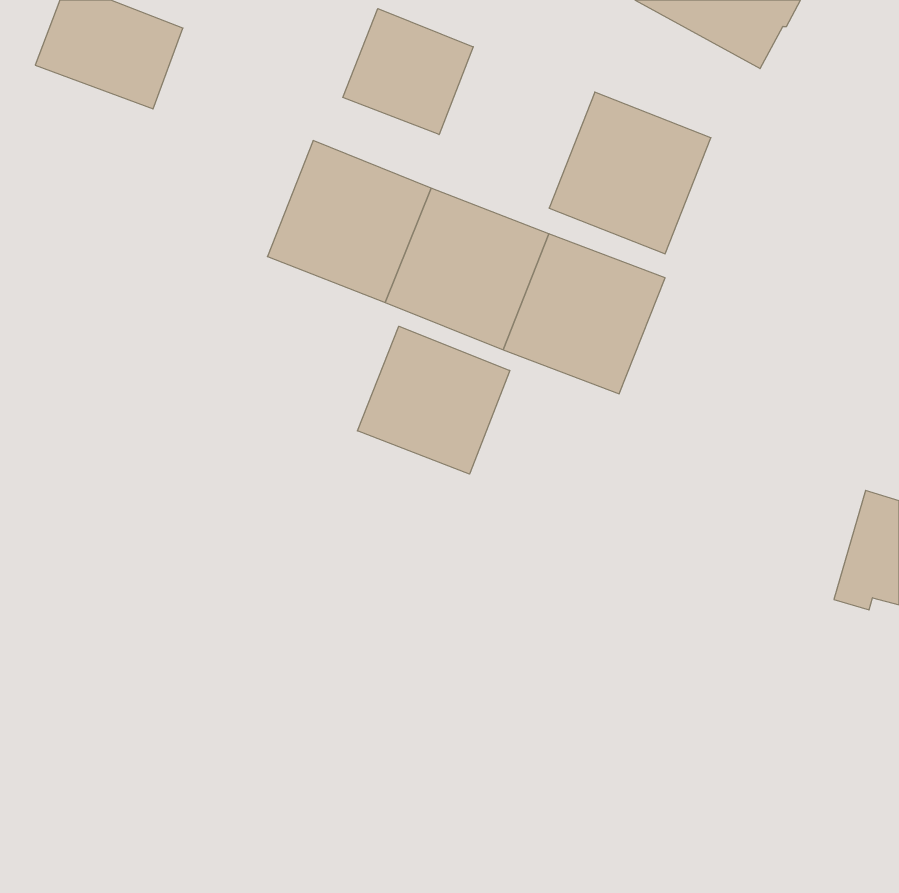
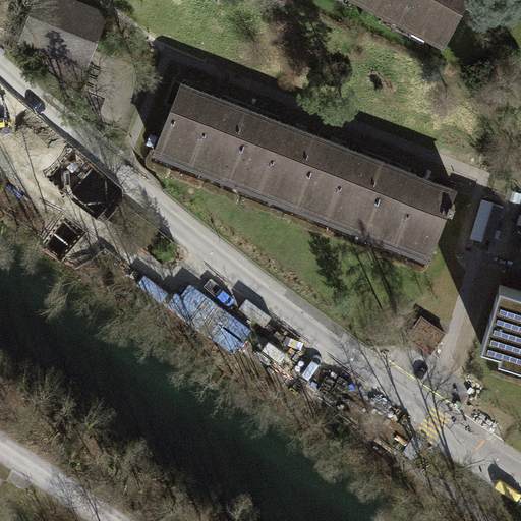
building: [343,9,473,135] -> none
building: [549,92,711,254] -> [358,164,452,257]
building: [357,326,510,474] -> none

